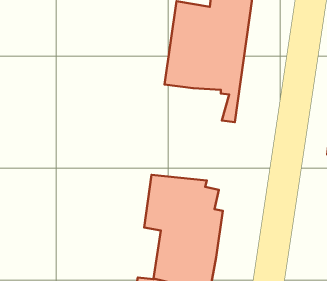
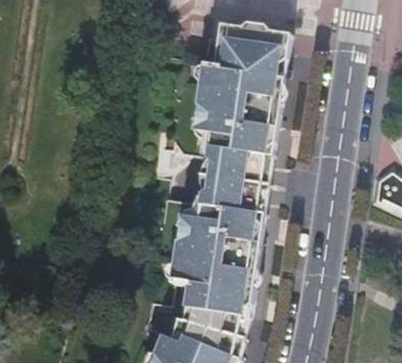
building: none -> [177,122,268,261]

